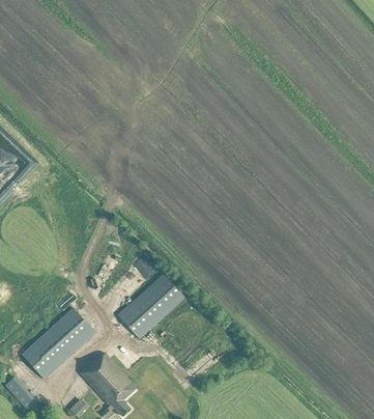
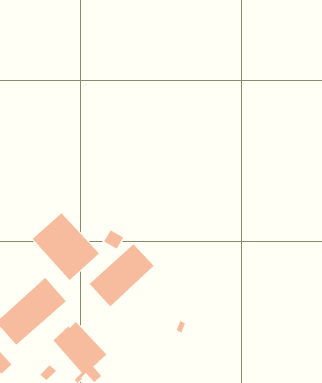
building: none -> [32,212,100,281]

